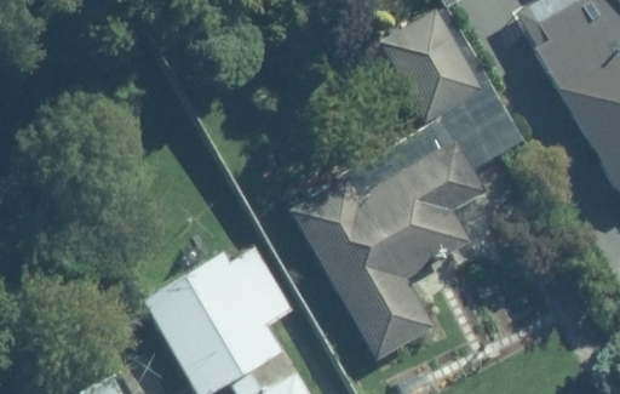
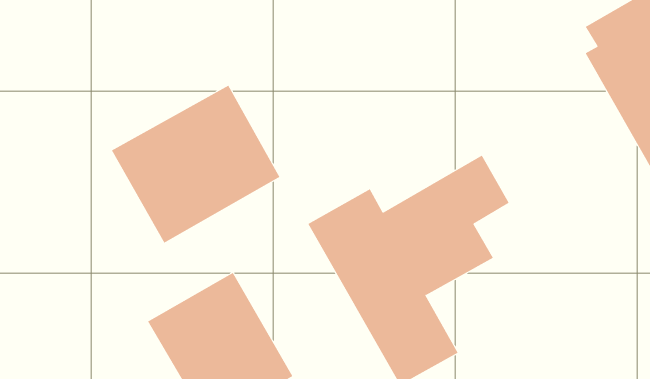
building: [380,10,481,119] -> none
building: none -> [111,85,280,243]

